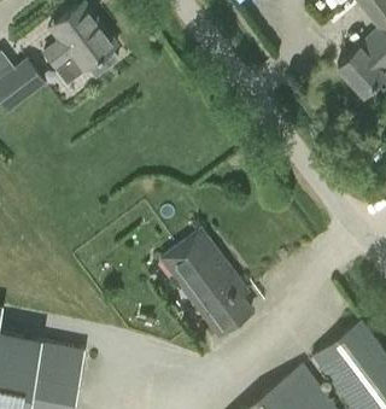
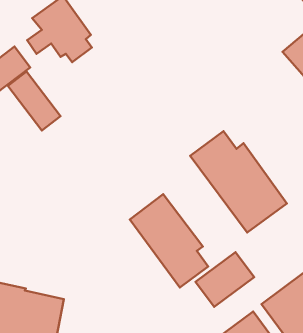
building: none -> [8,71,61,131]
building: none -> [190,131,287,232]
building: none -> [196,252,254,307]

